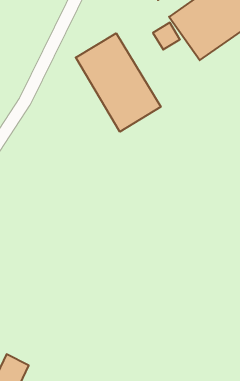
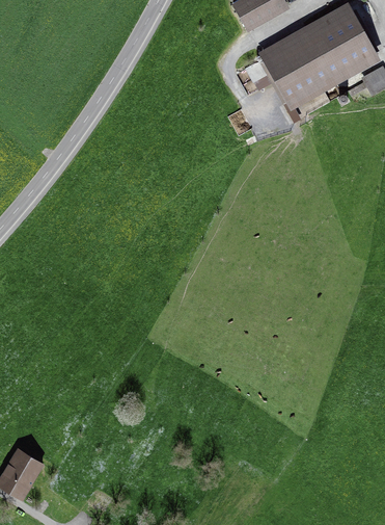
building: [76,33,161,132] -> none

